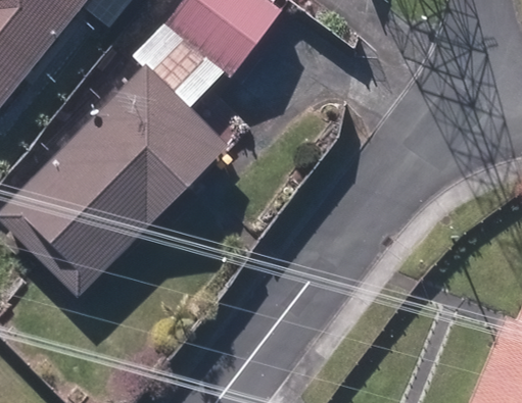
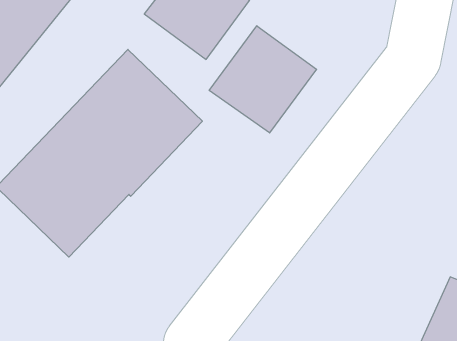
building: none -> [209,26,317,133]

